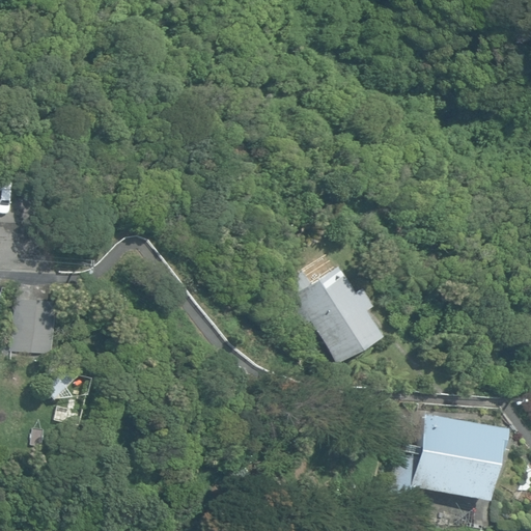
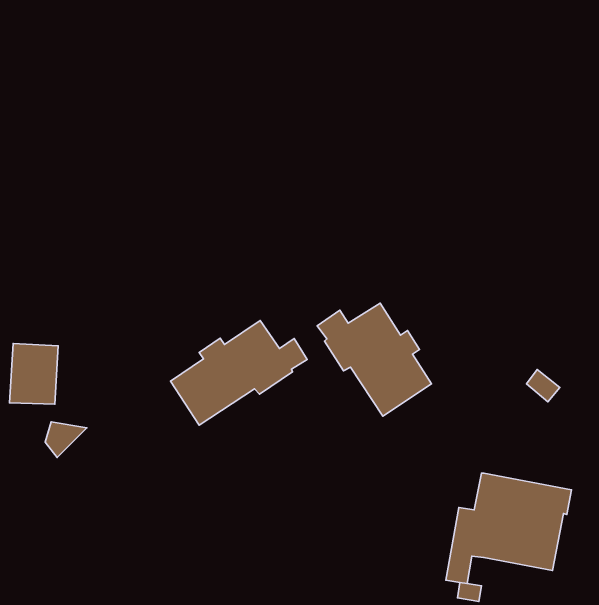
building: none -> [170,320,307,425]

